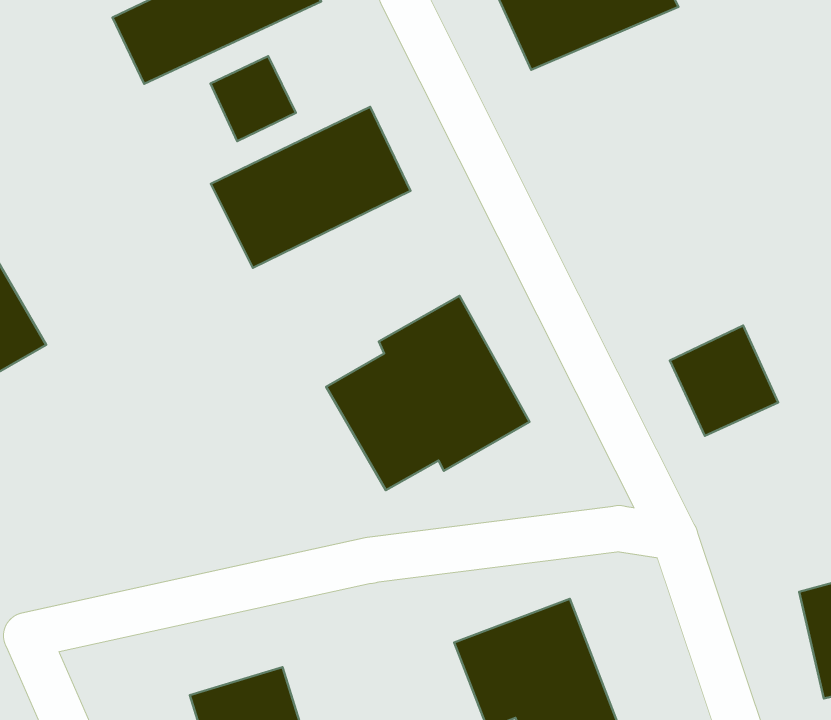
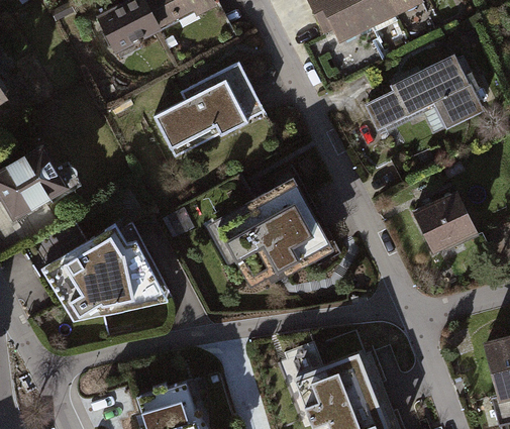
building: [211,56,296,141] -> none
building: none -> [365,59,482,133]
building: none -> [38,221,168,318]

